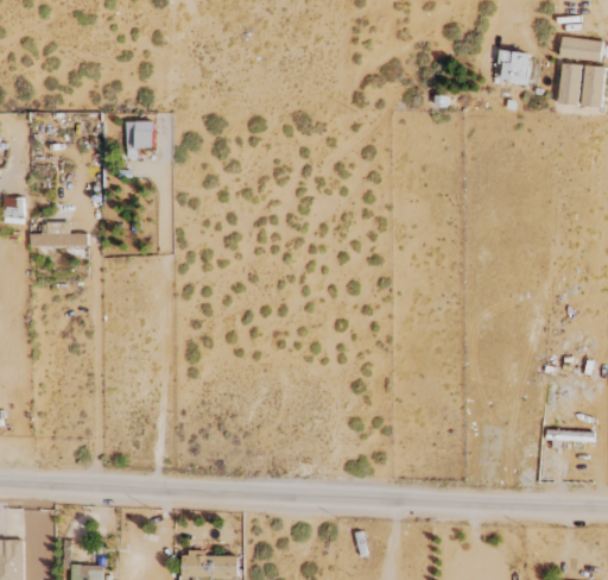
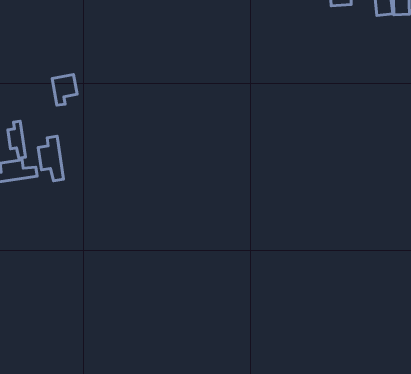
building: none -> [8,121,26,158]
building: none -> [38,136,64,181]

